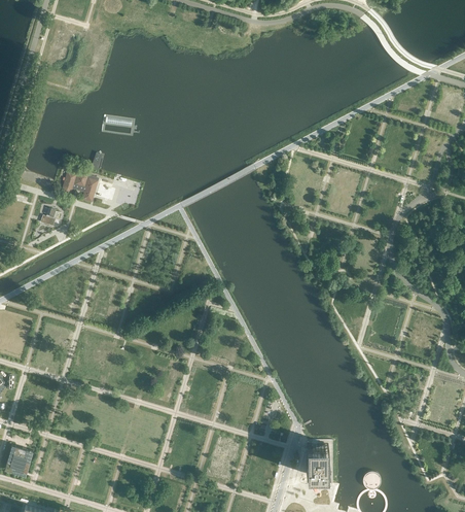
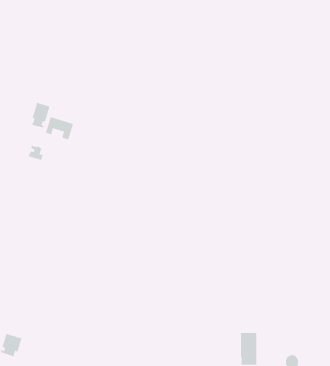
building: none -> [32,102,50,128]

